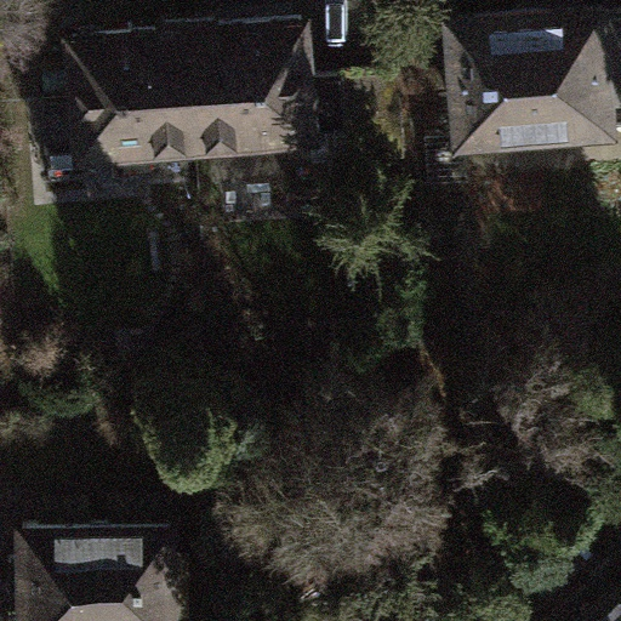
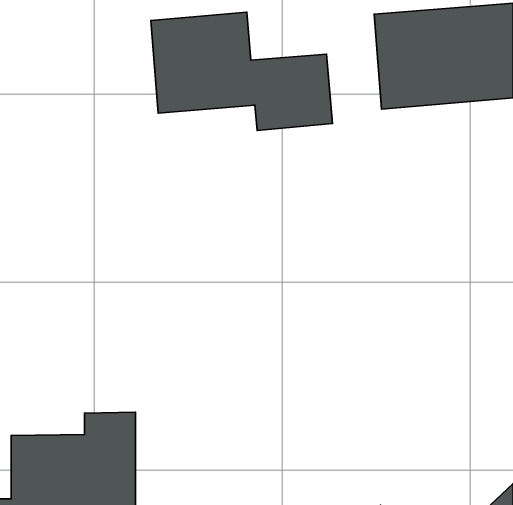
building: [35,44,188,164] -> none

